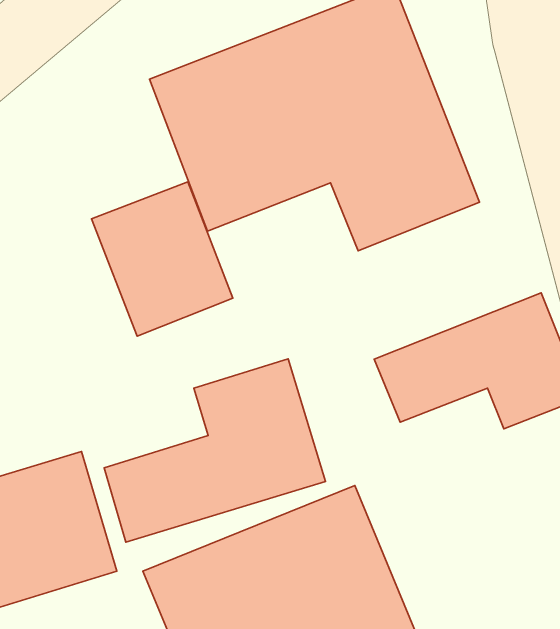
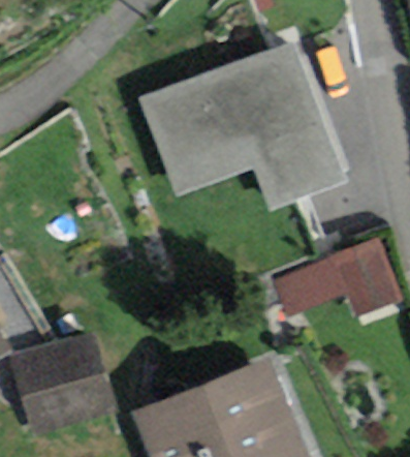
building: [91,182,233,336] -> none
building: [104,359,325,542] -> none

